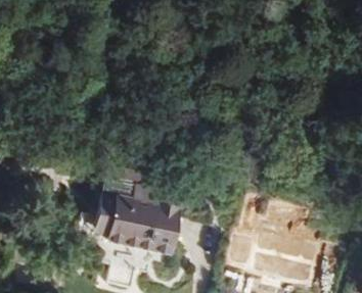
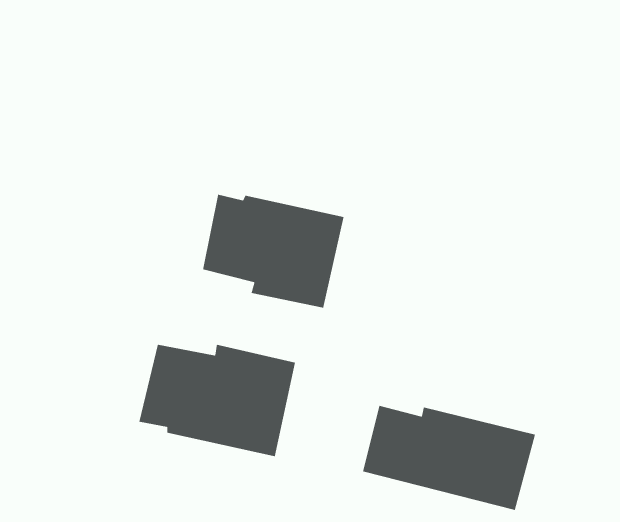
building: none -> [202,194,344,308]

